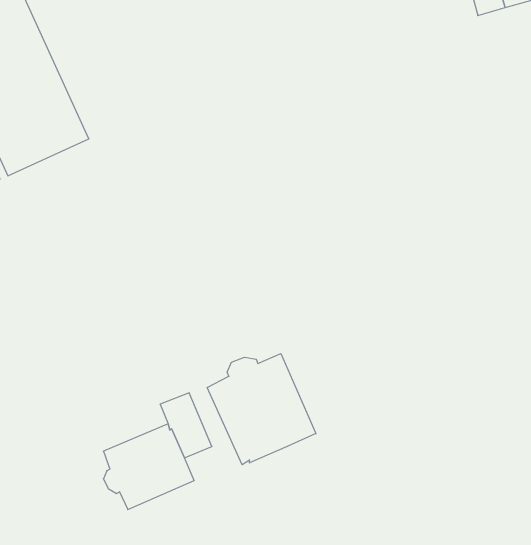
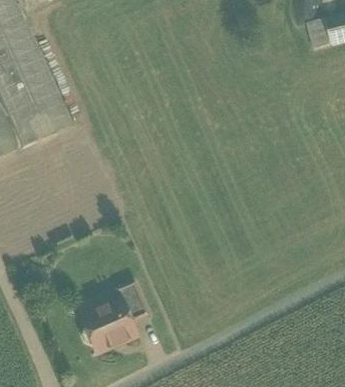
building: [207,354,316,465] -> none

